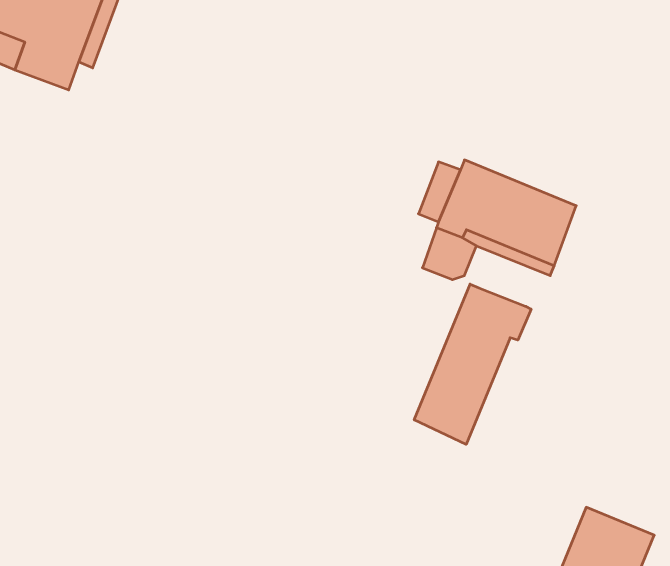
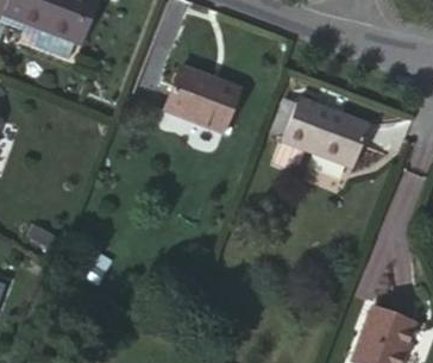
building: none -> [164,65,238,131]
building: [414,284,531,444] -> none

